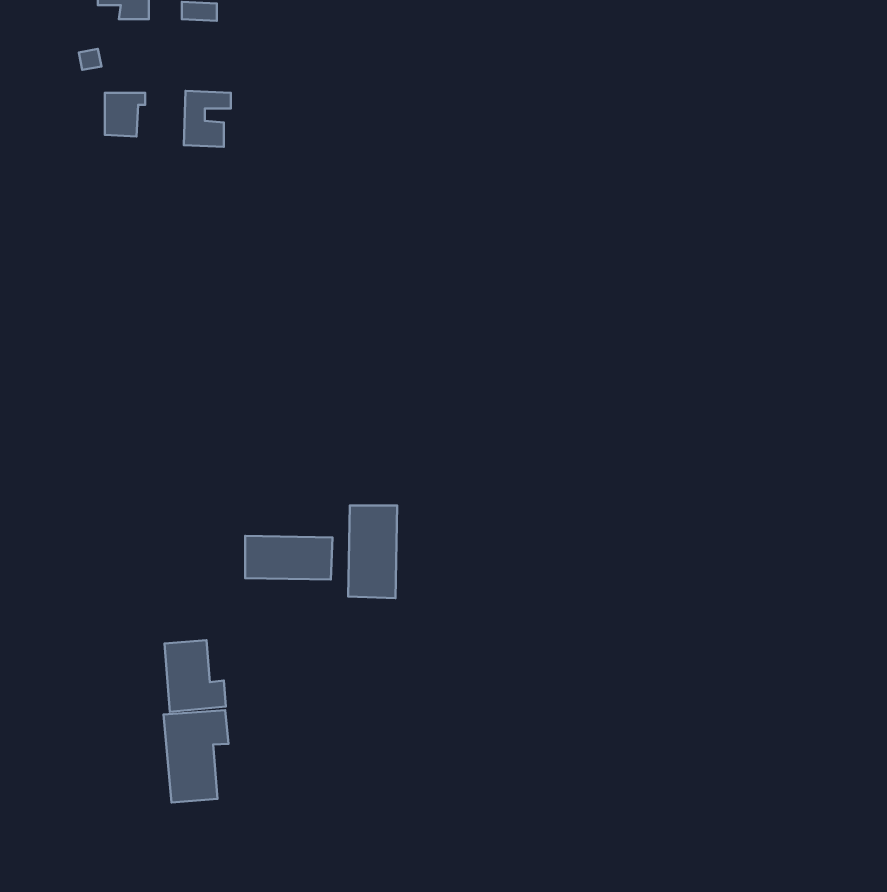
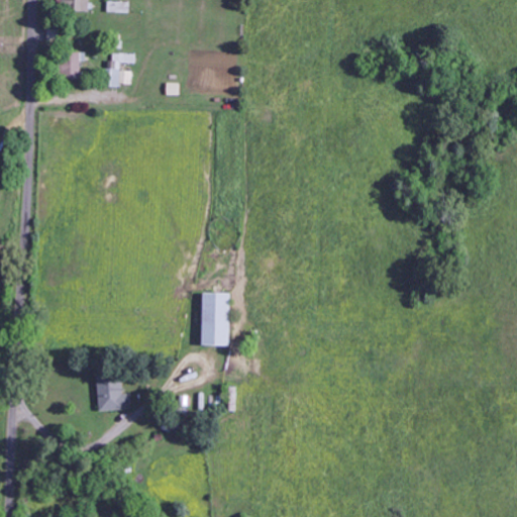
building: [245,536,332,580] -> none
building: [164,710,228,803] -> none

